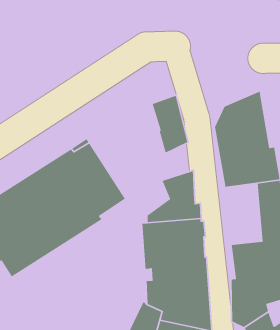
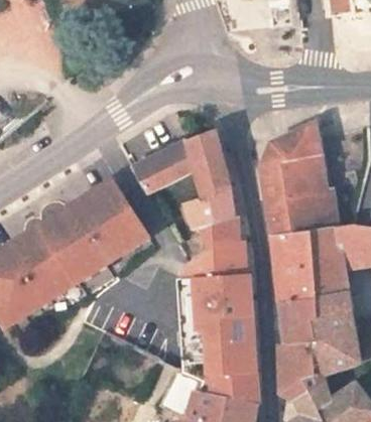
building: none -> [131,140,196,194]
building: none -> [183,184,235,230]
building: none -> [271,232,315,303]

